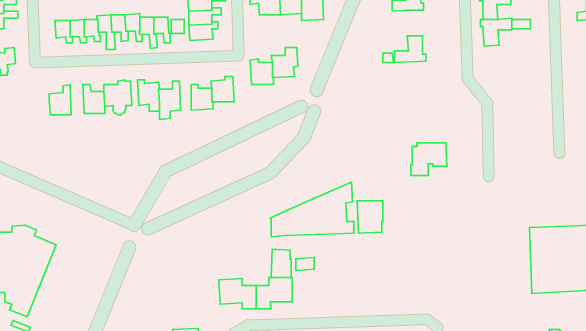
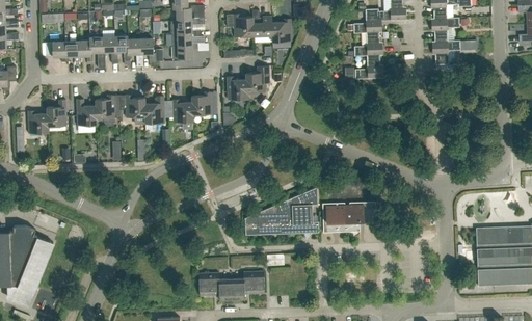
building: none -> [354,32,382,56]
building: none -> [28,110,48,133]
building: [411,143,447,175] -> [344,202,376,231]
building: [271,249,291,277] -> none

